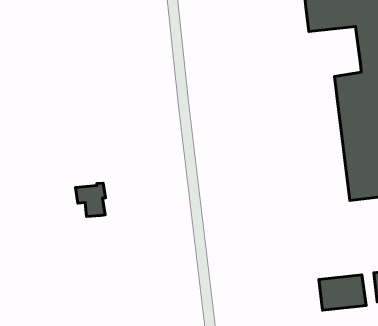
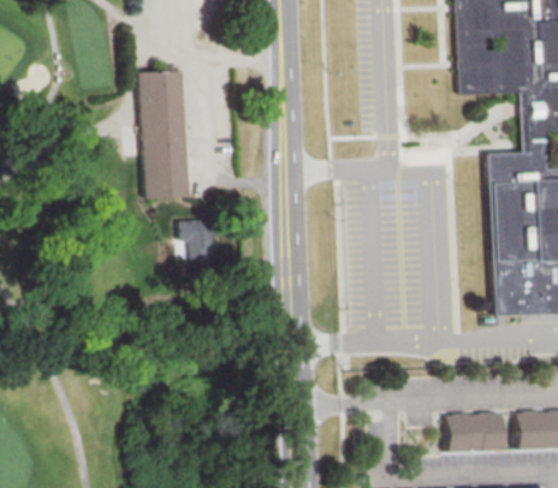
building: none -> [142,70,188,198]
building: [75,183,105,217] -> [179,218,216,258]

